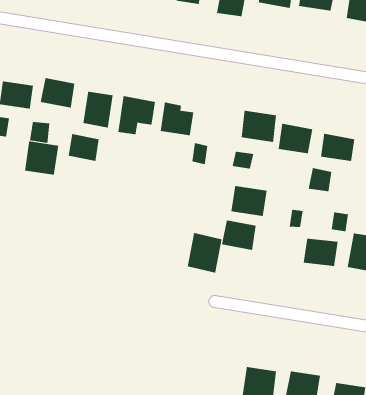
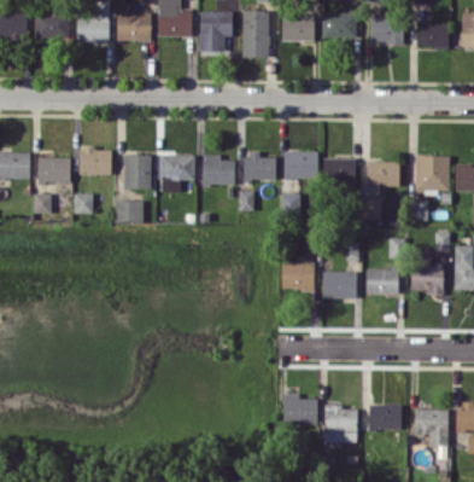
building: none -> [244,155,275,180]
building: [24,141,59,176] -> none
building: [230,186,267,217] -> [322,272,356,298]
building: [187,232,222,273] -> none
building: none -> [282,394,317,425]

